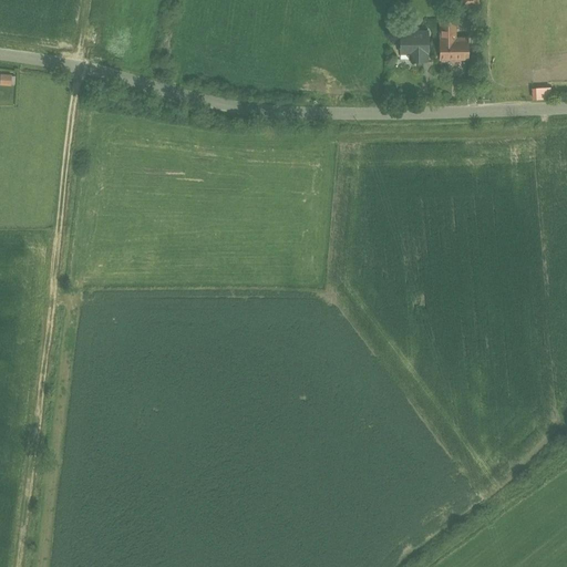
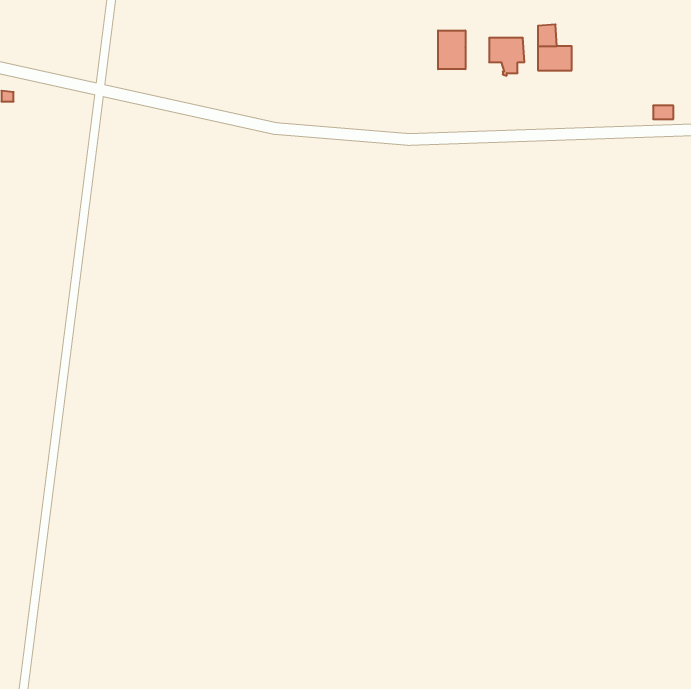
building: none -> [438,30,465,69]

